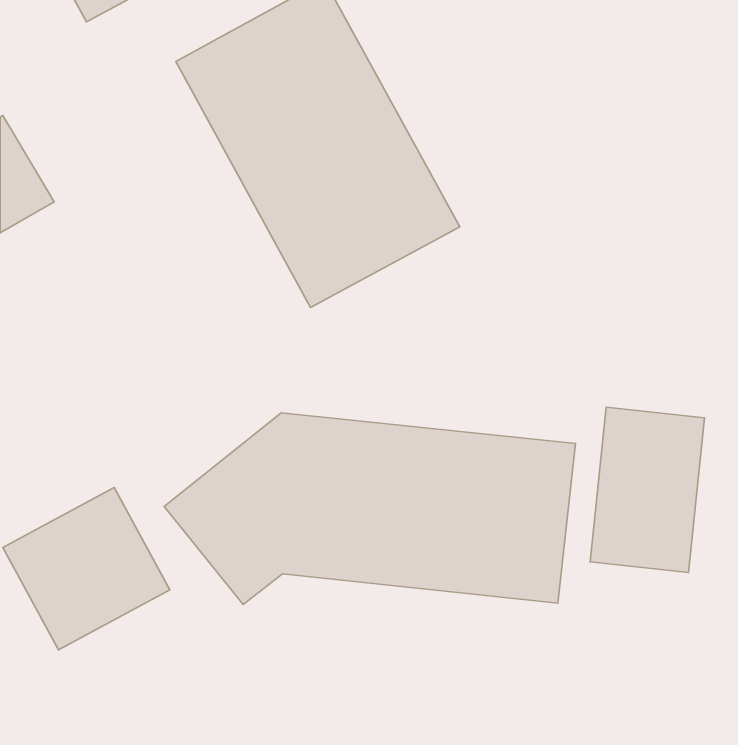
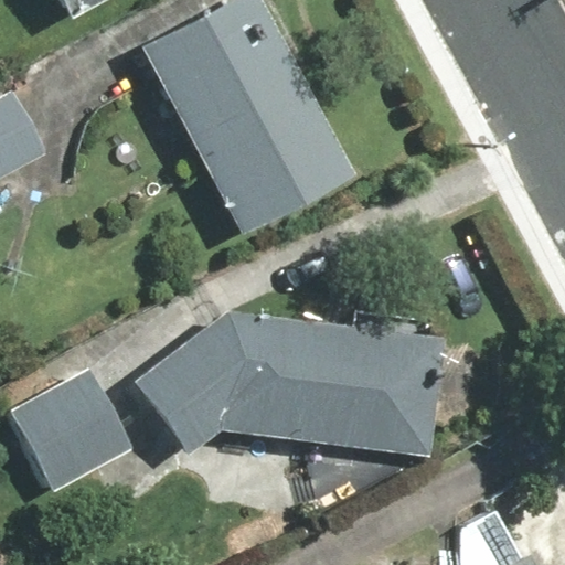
building: [590,407,705,573] -> none

